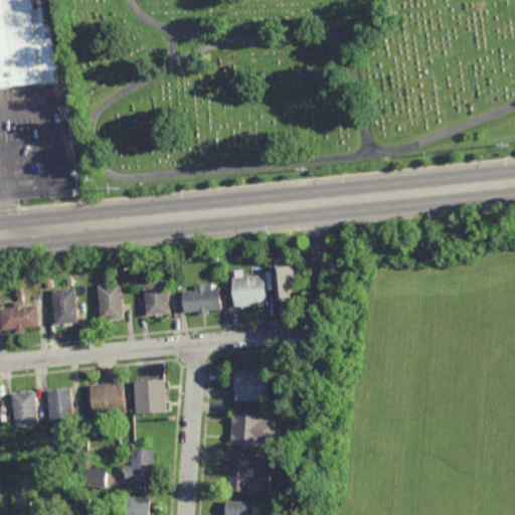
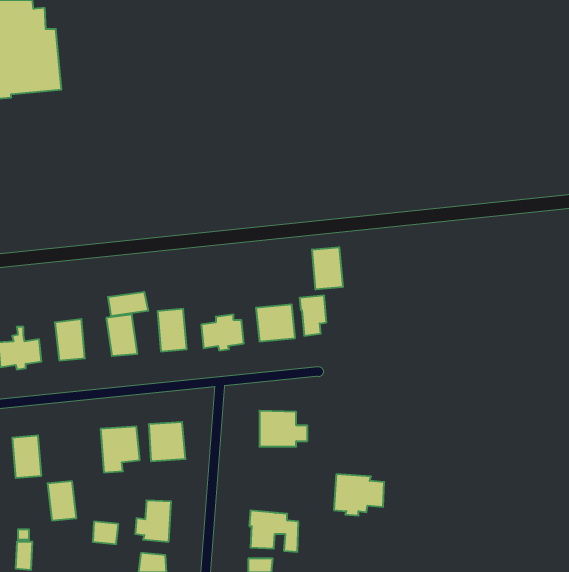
building: none -> [312,247,343,290]
building: none -> [108,292,148,316]
building: [47,389,73,424] -> [47,481,76,520]
building: [228,413,274,451] -> [334,474,384,516]

